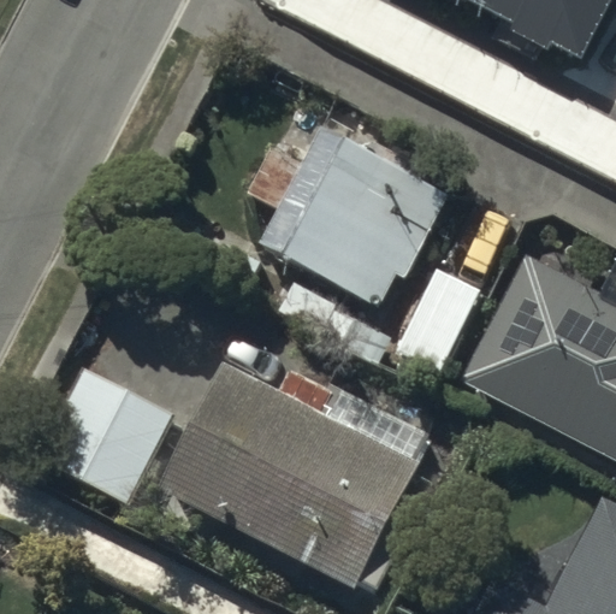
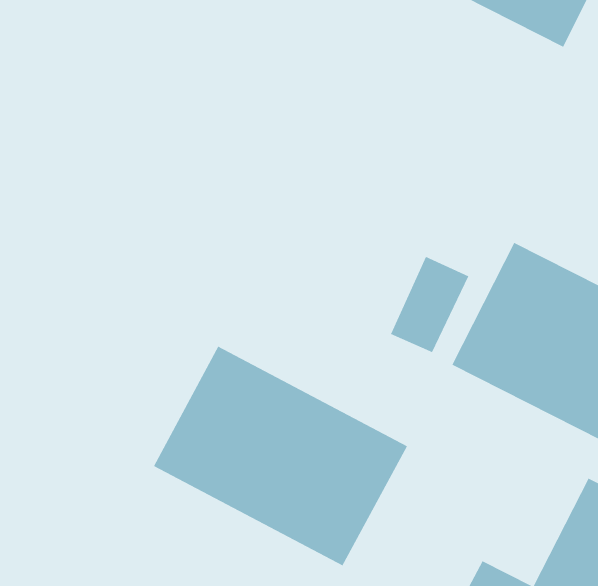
building: [250,123,451,309] -> none
building: [42,370,171,501] -> none

